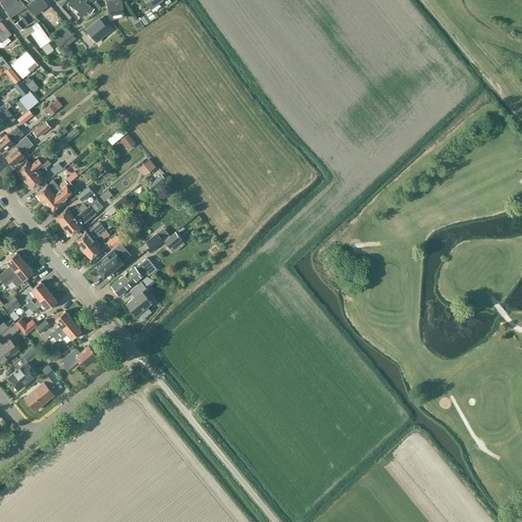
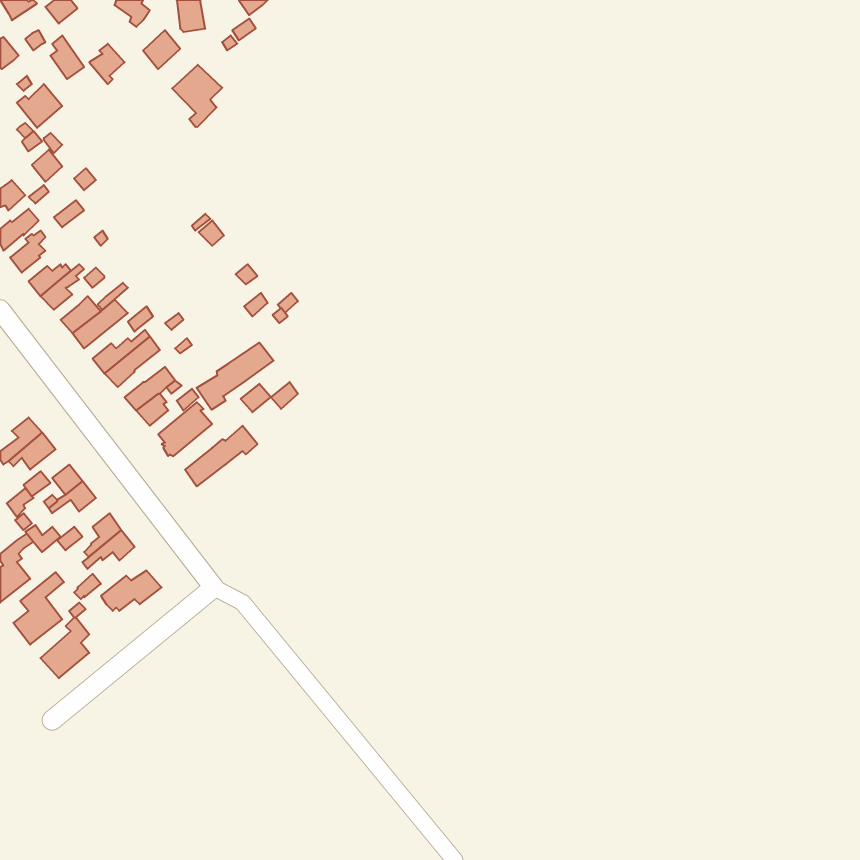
building: none -> [172,65,222,127]
building: none -> [197,343,274,410]
building: [127,282,152,315] -> none

